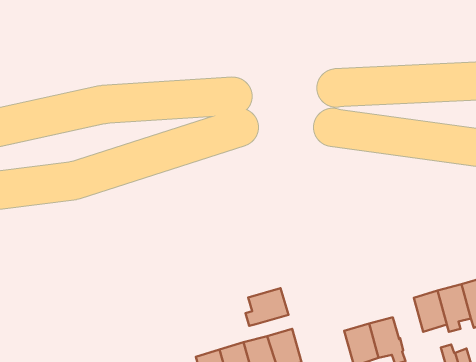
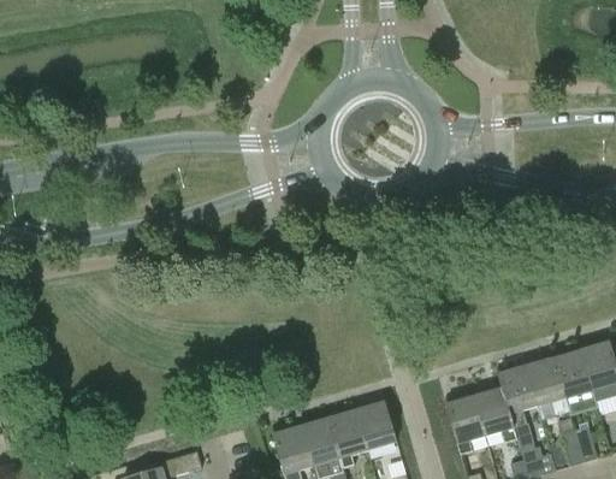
building: [245,288,288,326] -> none
building: none -> [497,366,537,427]

